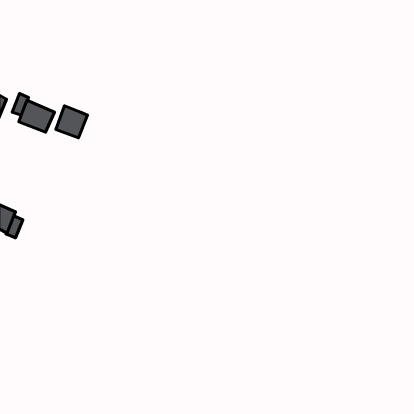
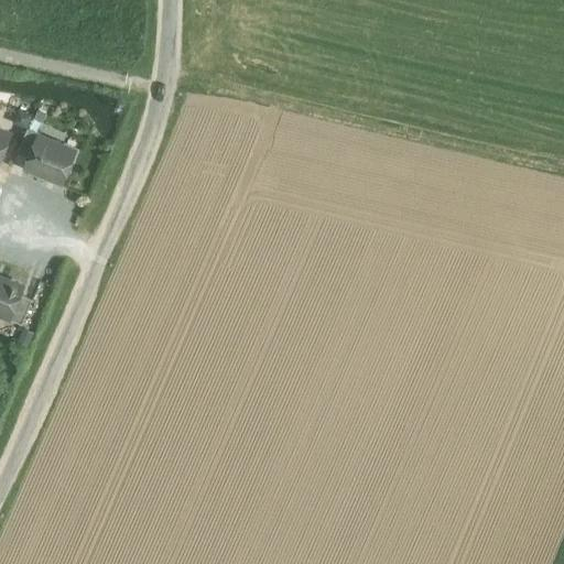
building: [56,106,88,138] -> none

